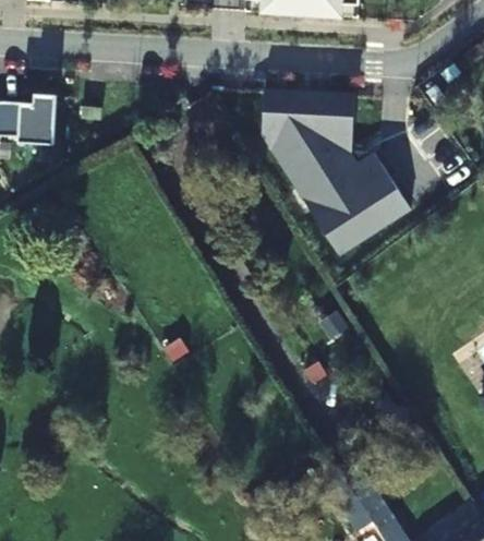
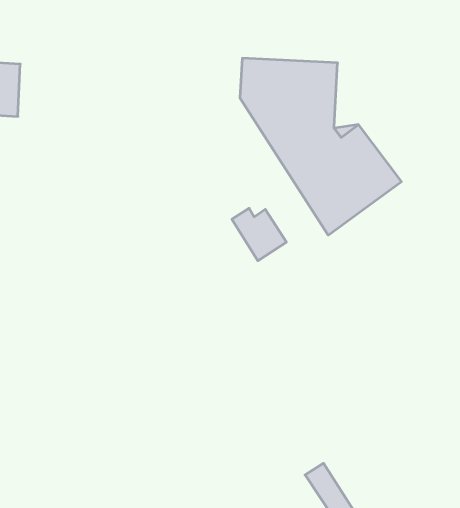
building: none -> [232,208,286,261]

